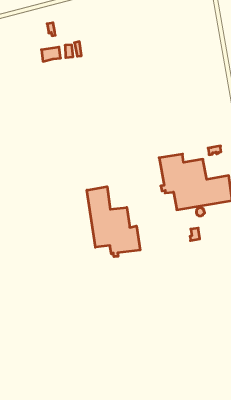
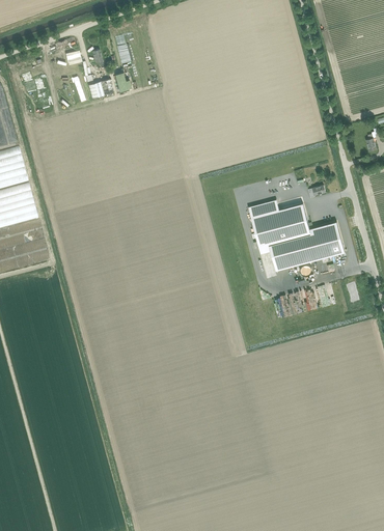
building: [87,187,140,257] -> none

